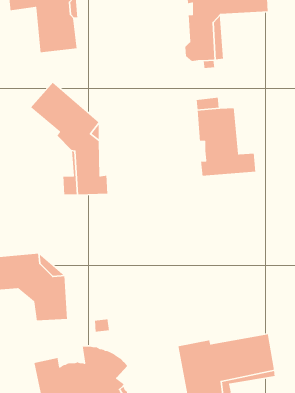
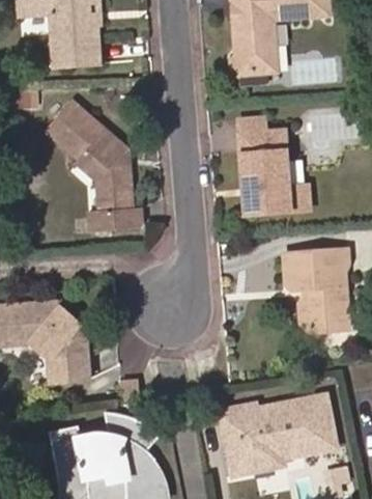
building: none -> [283,249,348,331]

